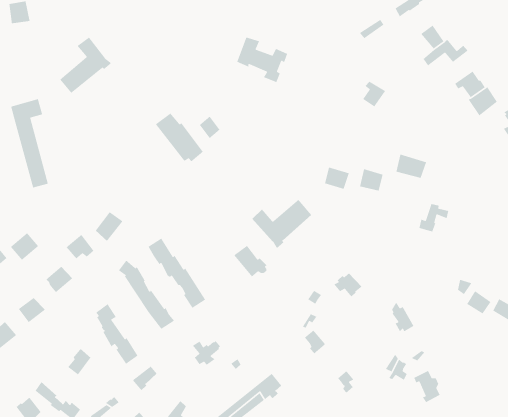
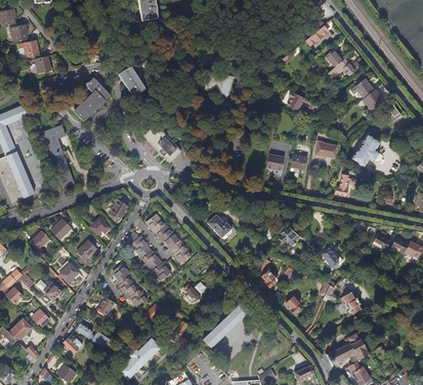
building: none -> [118,65,145,97]
building: none -> [351,133,379,164]
building: [252,199,312,249] -> none

